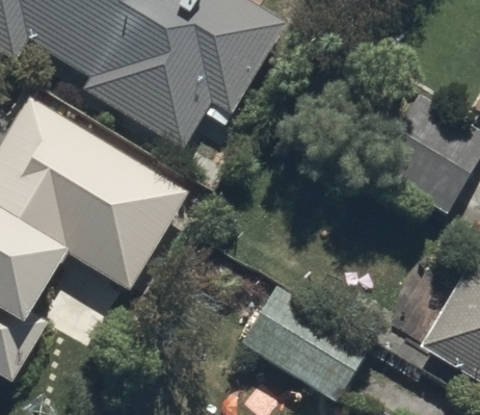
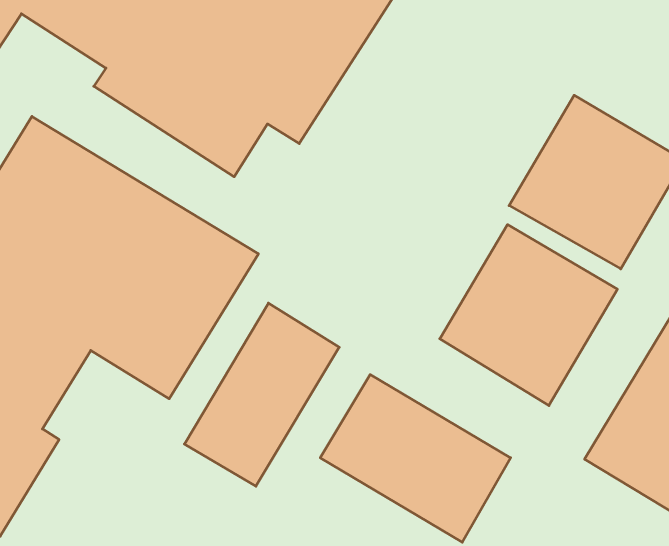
building: none -> [440,225,617,406]
building: none -> [184,303,339,486]

